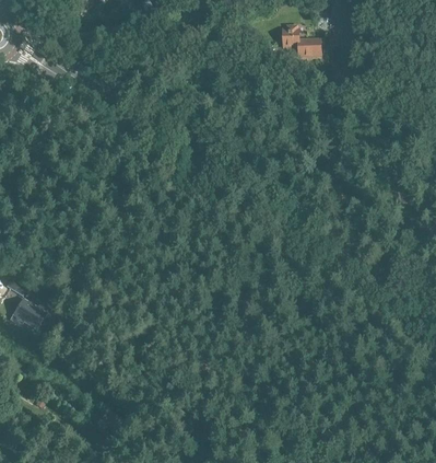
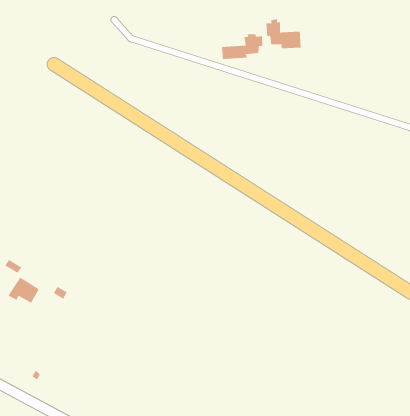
building: none -> [222,34,263,60]

